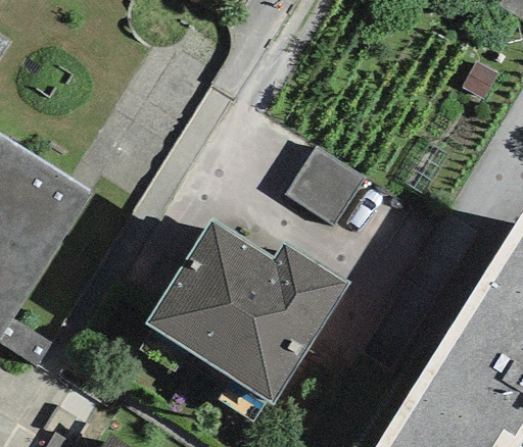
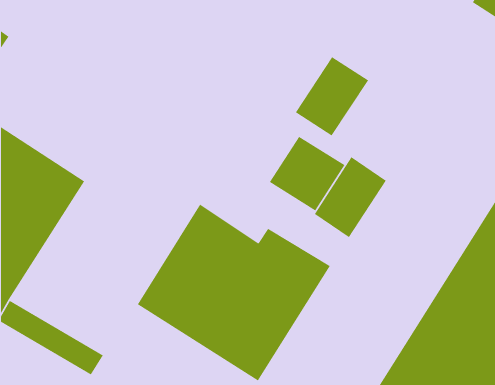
building: none -> [295,56,369,136]
building: none -> [314,156,387,238]

